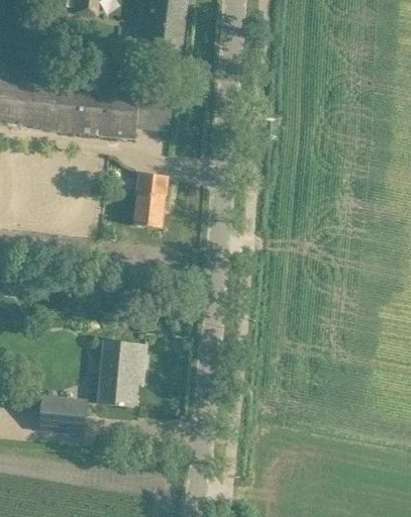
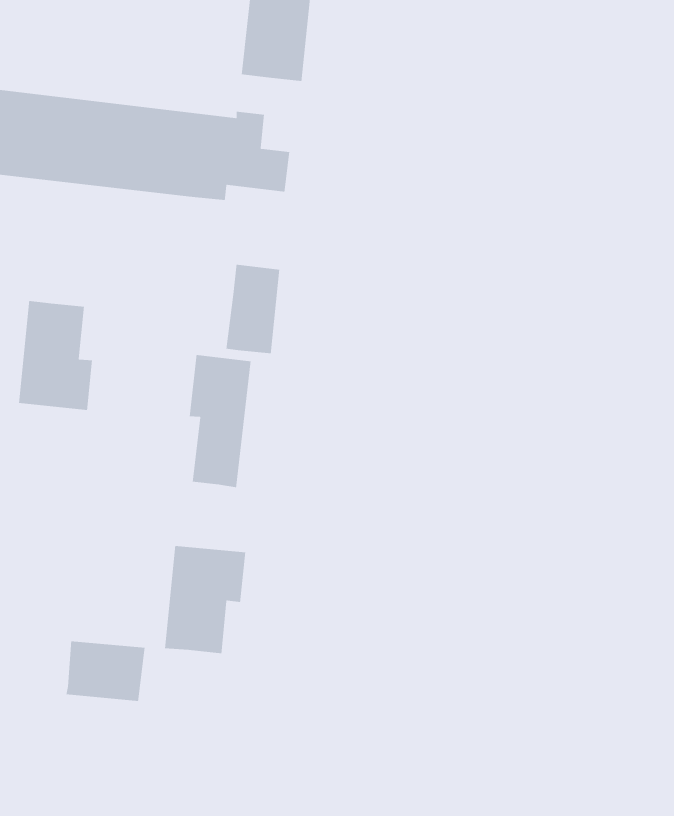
building: none -> [18,300,93,411]
building: none -> [189,354,252,488]

